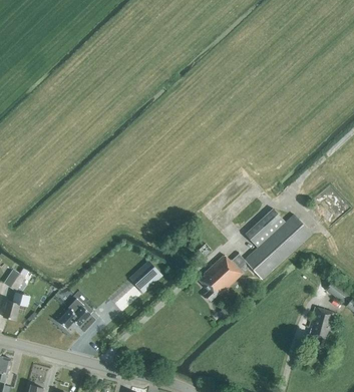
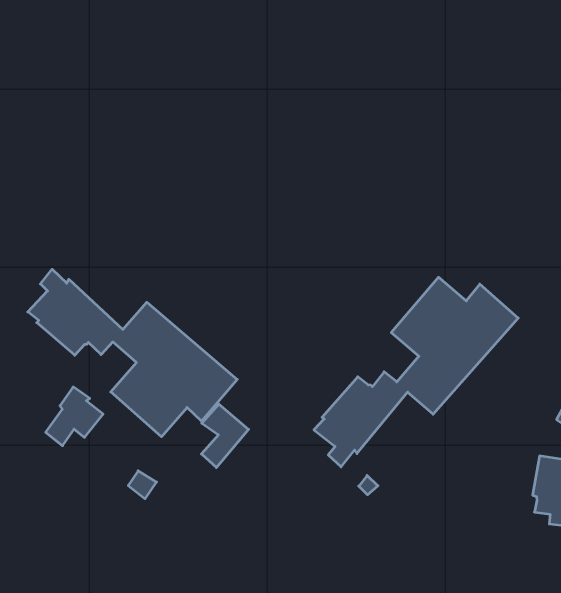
building: none -> [28,269,237,437]
building: [58,298,89,328] -> [46,387,103,446]

